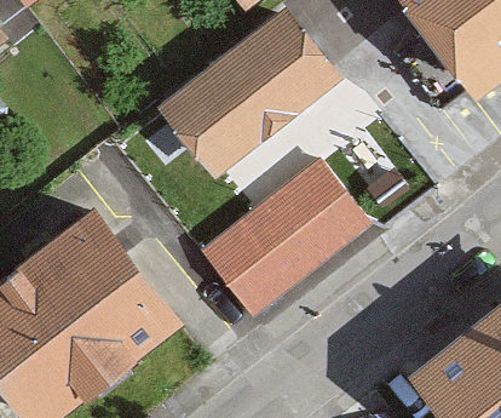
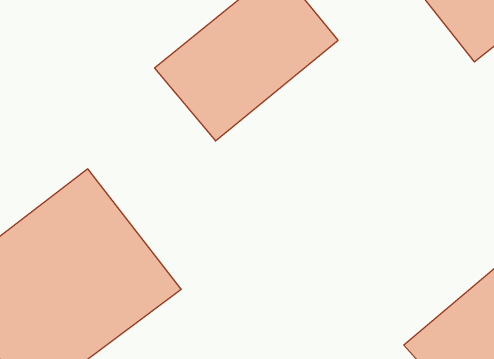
building: [200,158,368,319] -> none

